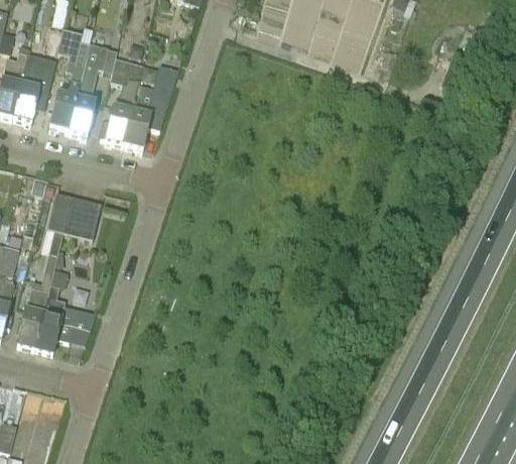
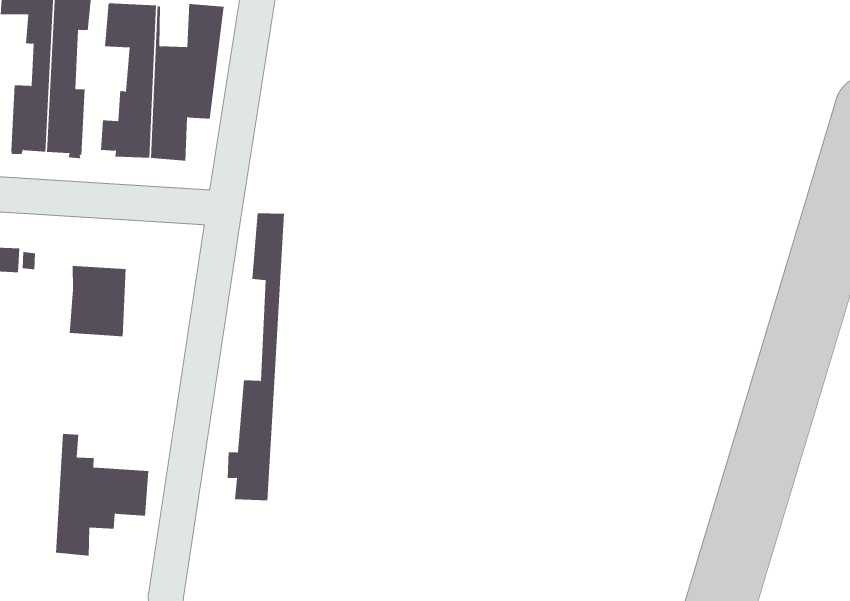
building: [14,193,71,349] -> [227,213,285,501]

